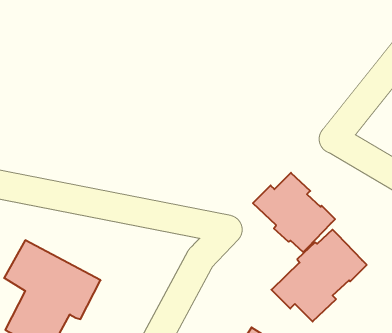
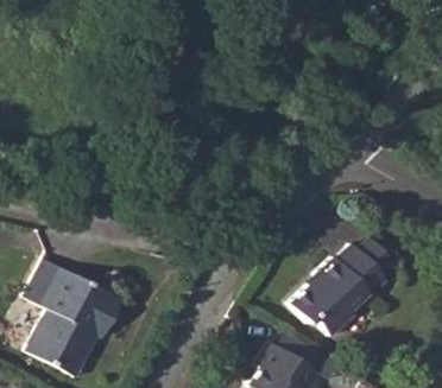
building: [253,173,335,252] -> none

